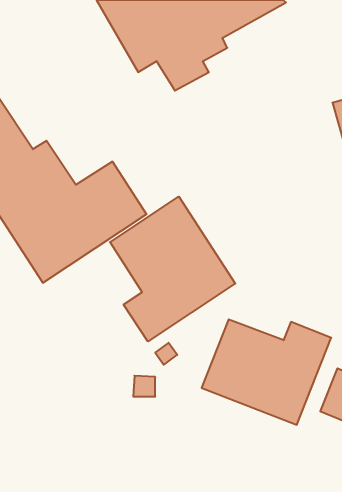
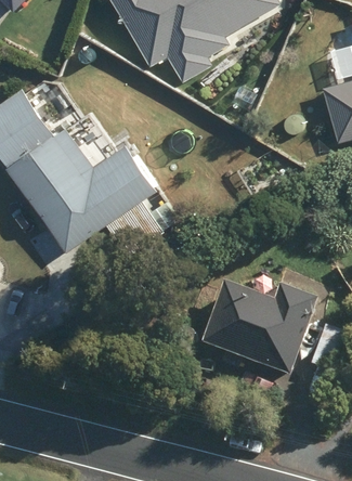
building: [110,197,235,341] -> none

